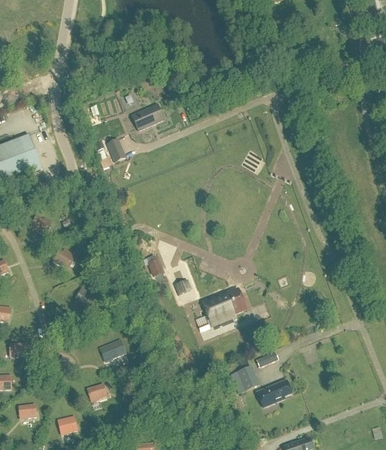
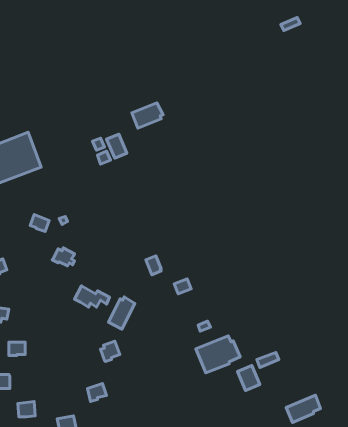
building: [202,287,246,324] -> [196,336,240,373]
building: none -> [109,297,135,329]
building: [257,379,291,406] -> [286,395,321,422]

